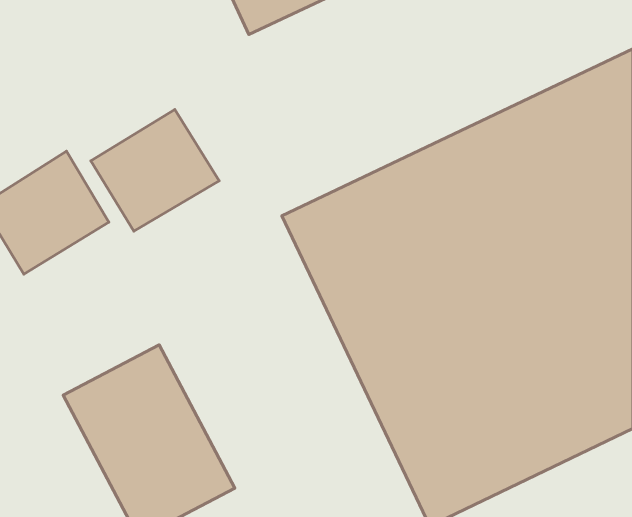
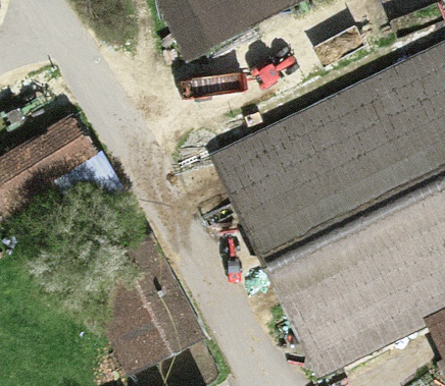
building: [91,109,219,231] -> none

